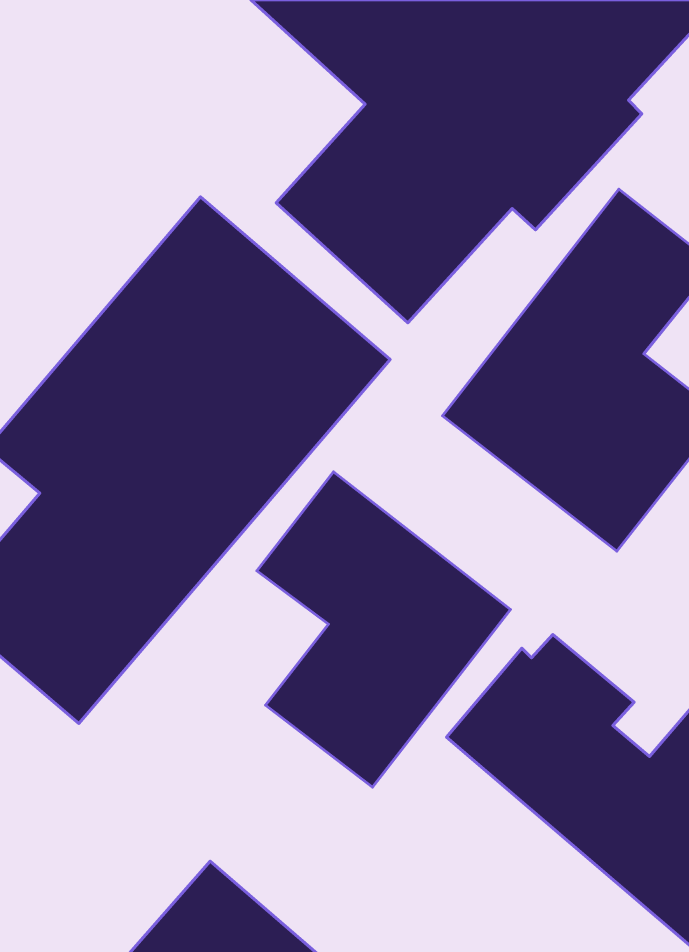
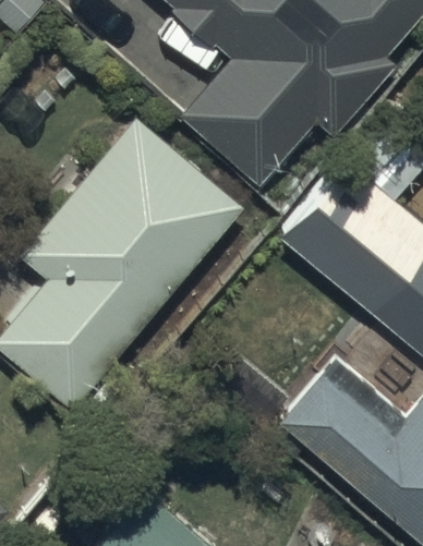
building: [257,472,511,787] -> none

